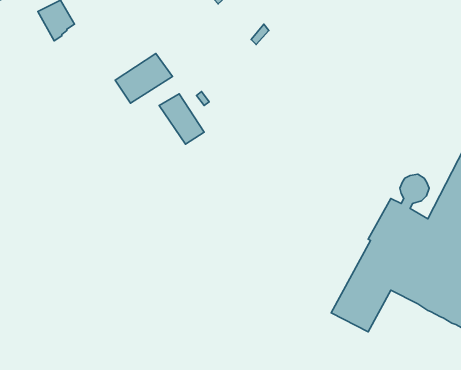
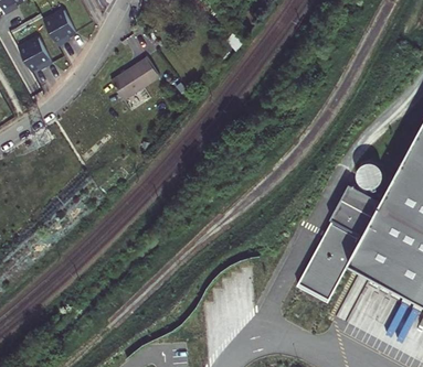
building: none -> [18,40,51,72]
building: [159,94,204,144] -> none

